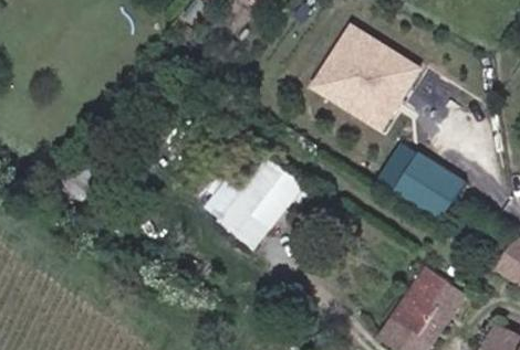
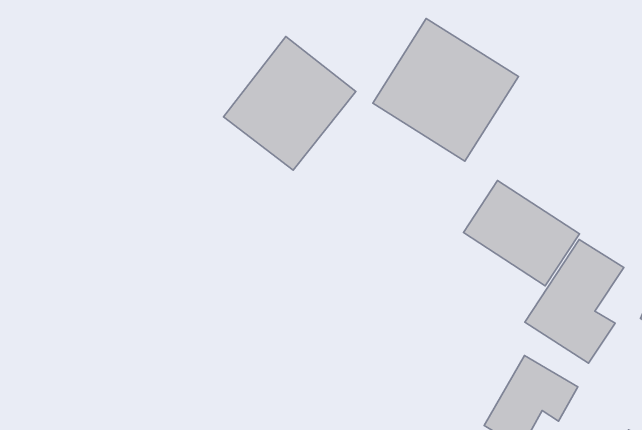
building: [204,149,302,248] -> [223,37,356,170]
building: none -> [525,239,624,363]

